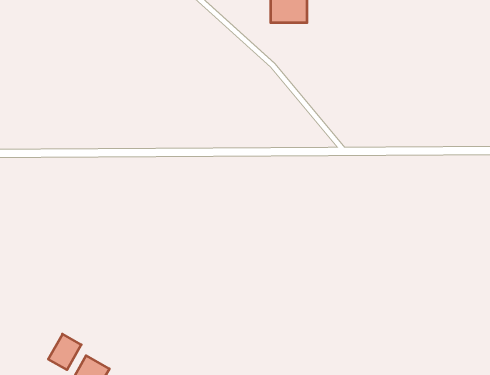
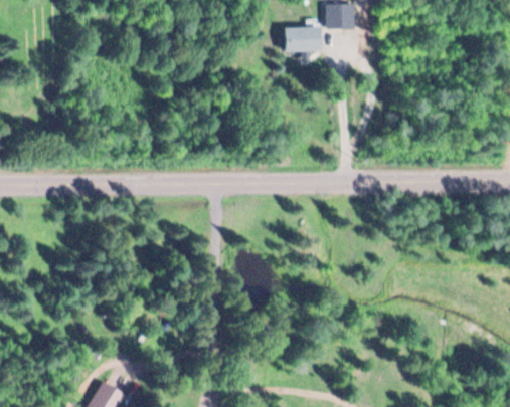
building: [48,334,81,370] -> none

